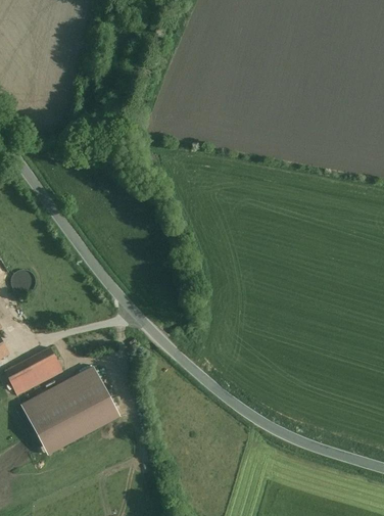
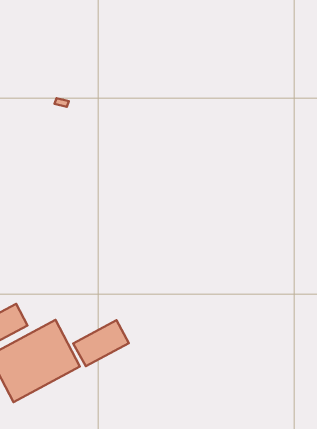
building: none -> [73,320,129,366]

